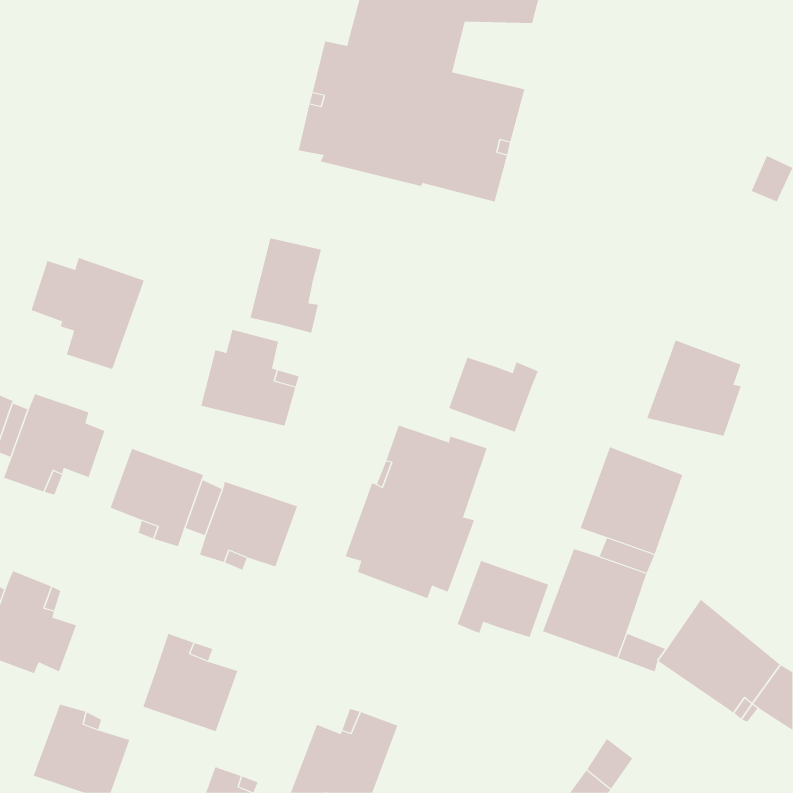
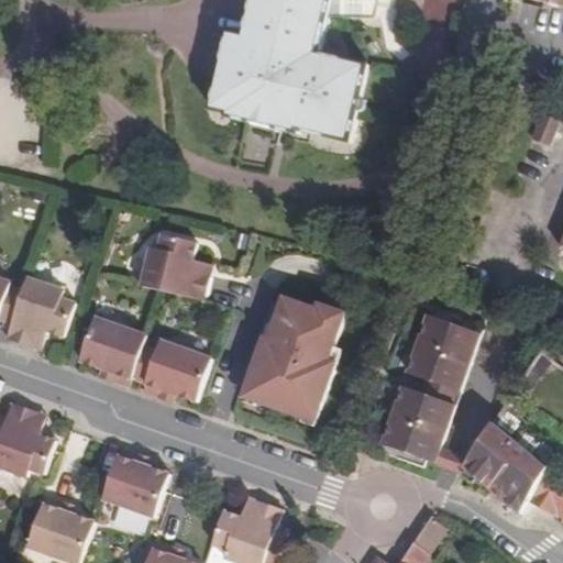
building: [250,237,322,333] -> none
building: [31,257,145,370] -> none
building: [646,340,742,437] -> none
building: [448,357,539,432] -> none
building: [457,560,549,638] -> none

